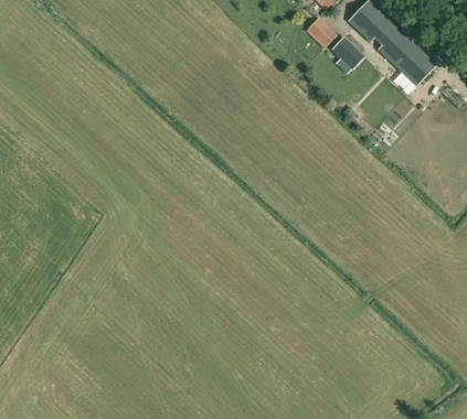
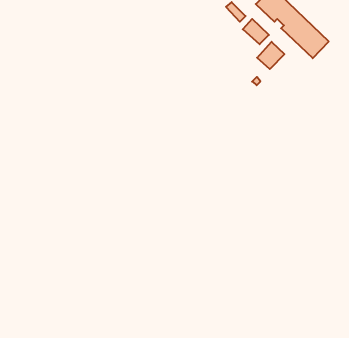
building: none -> [257,42,284,69]

